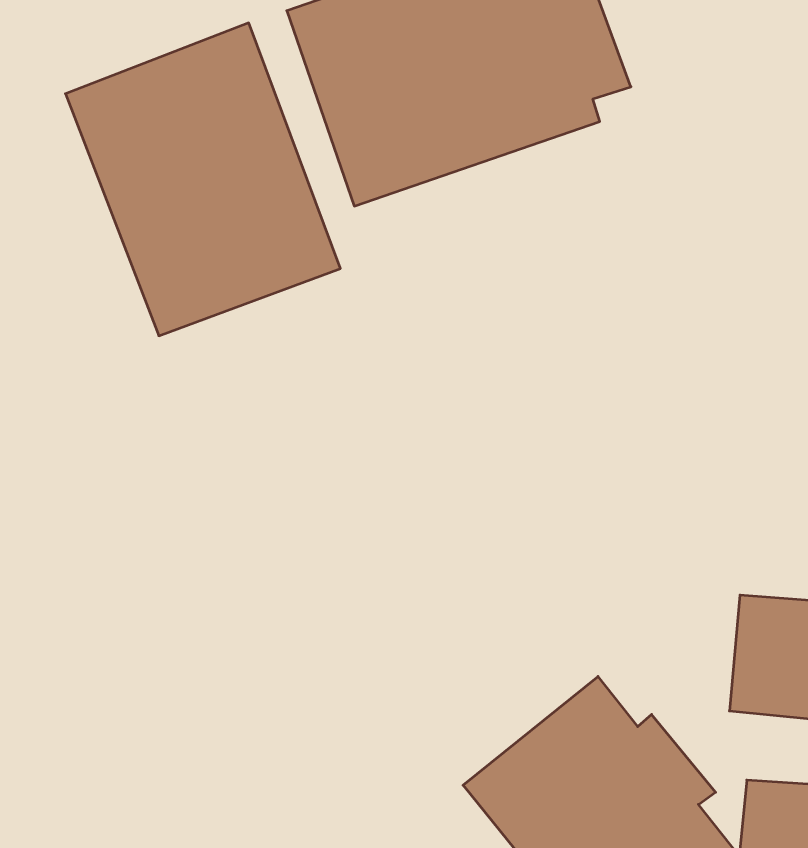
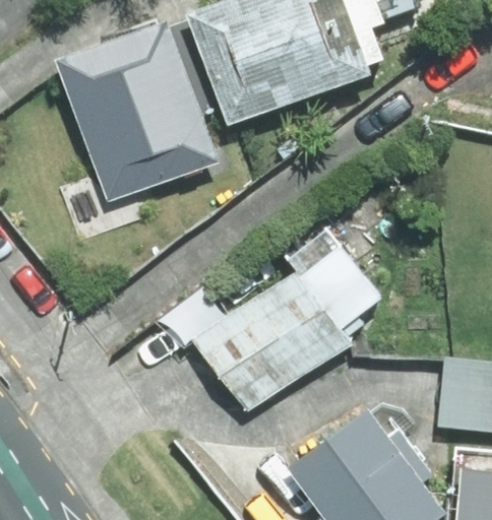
building: none -> [203,244,383,407]

